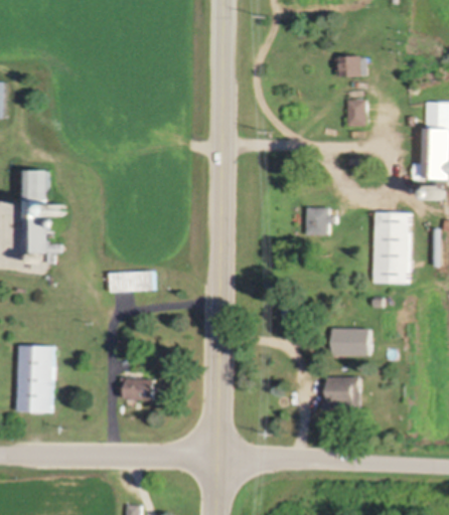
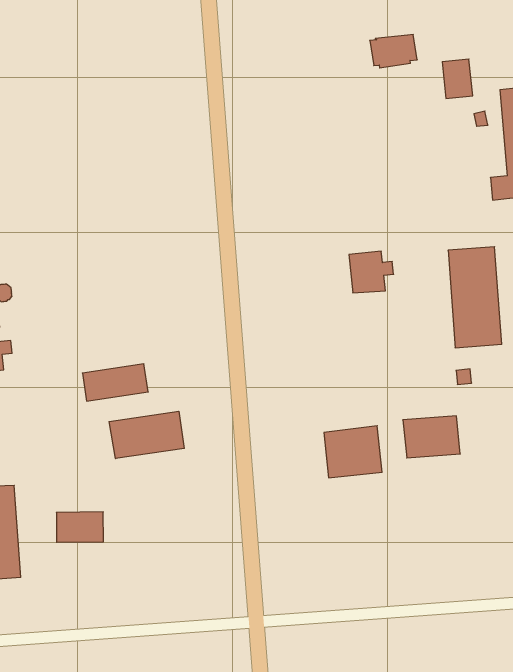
building: [347,100,366,126] -> [442,59,473,98]
building: none -> [109,411,184,459]
building: [119,377,154,401] -> [56,512,103,542]
building: [322,377,360,410] -> [324,426,382,478]

